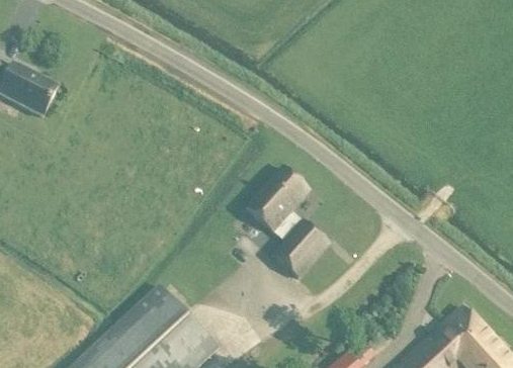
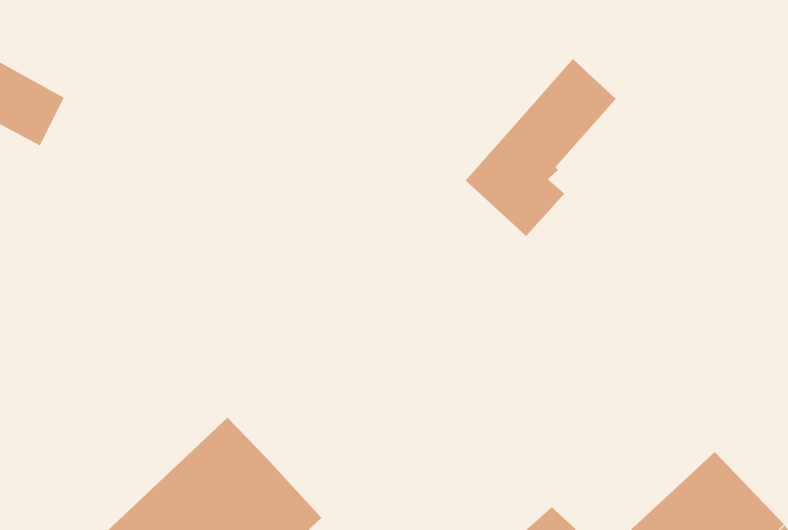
building: none -> [465,58,616,237]
building: [246,166,329,277] -> none

